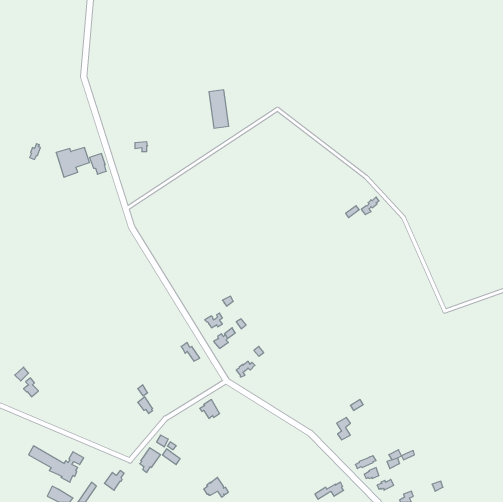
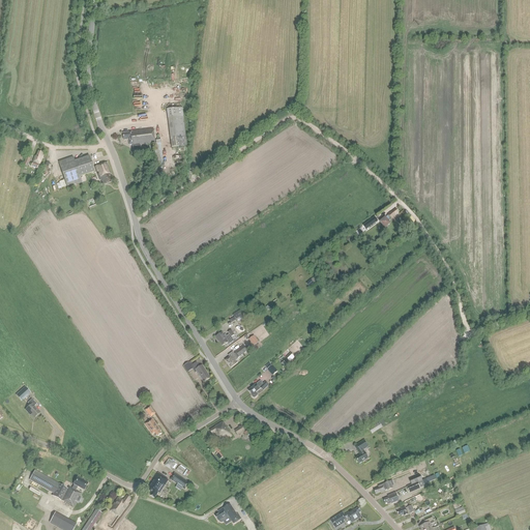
building: [209,90,229,128] -> [167,107,187,147]
building: none -> [122,127,154,152]

